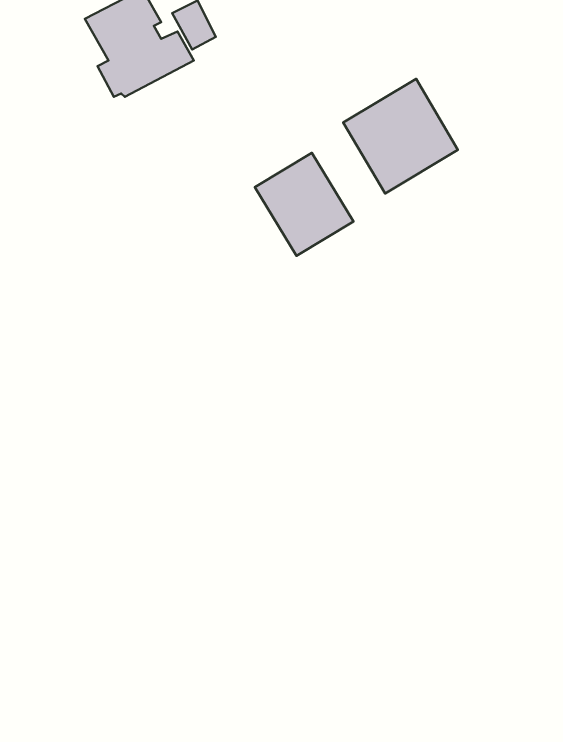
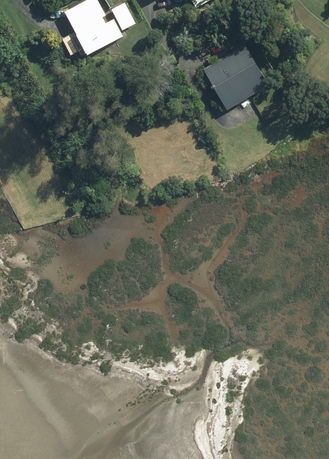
building: [255,153,354,256] -> none

